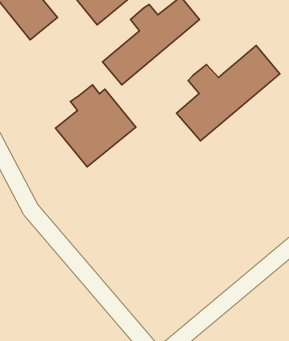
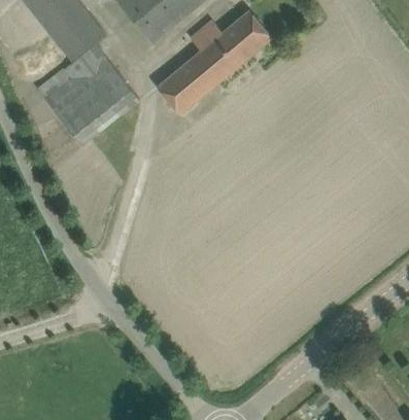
building: [177,46,280,141] -> none
building: [55,85,136,167] -> [43,48,137,144]

